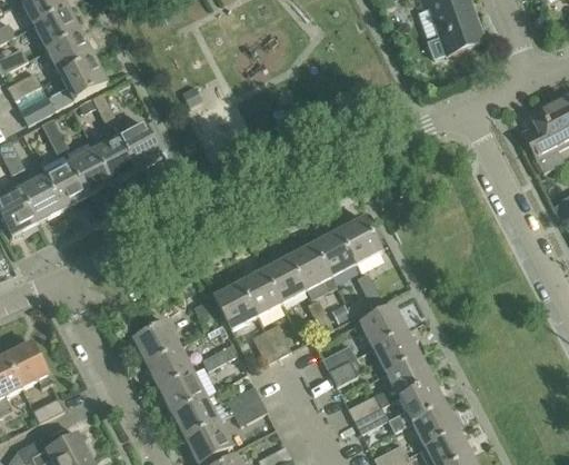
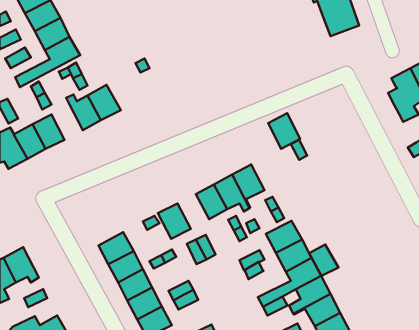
building: [70,148,112,196] -> none
building: [339,216,382,264] -> [268,113,300,149]
building: [240,269,282,316] -> none
building: none -> [309,244,338,276]

